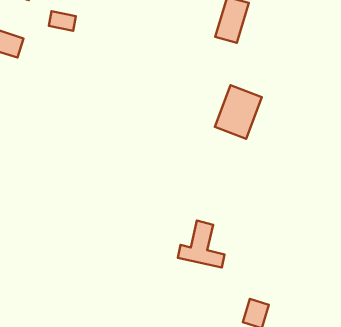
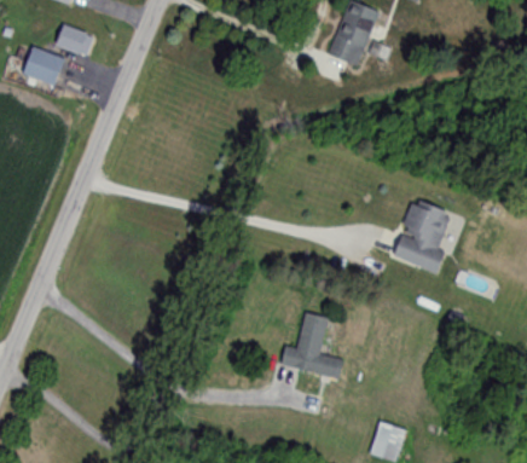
building: [49,11,76,31] -> [56,27,93,54]
building: [215,85,262,139] -> [392,198,457,273]

